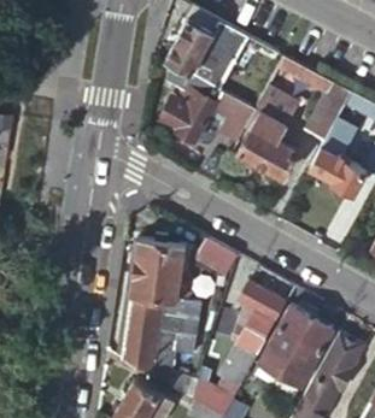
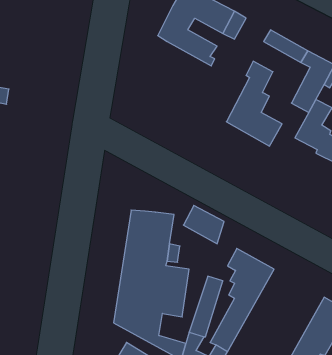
building: [159,69,256,143] -> none
building: [271,307,334,381] -> none

